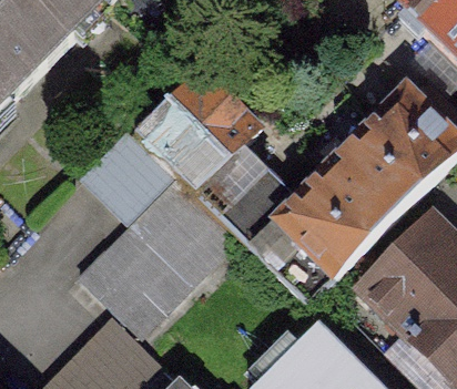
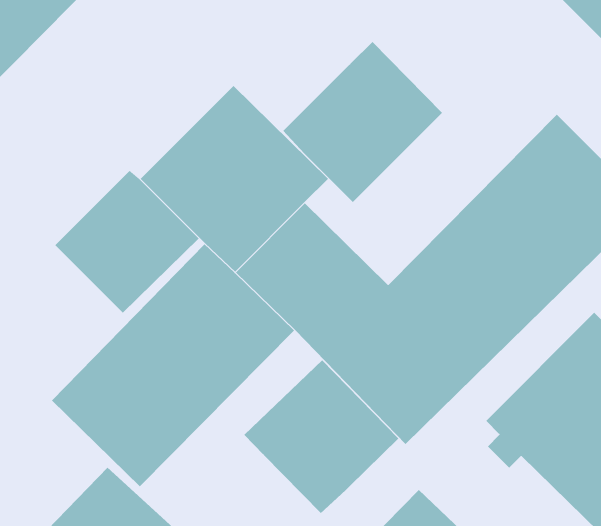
building: none -> [283,41,443,203]
building: none -> [244,359,399,514]

